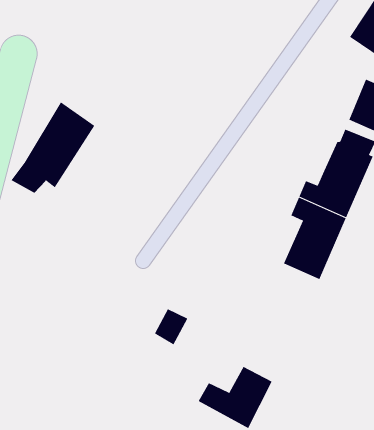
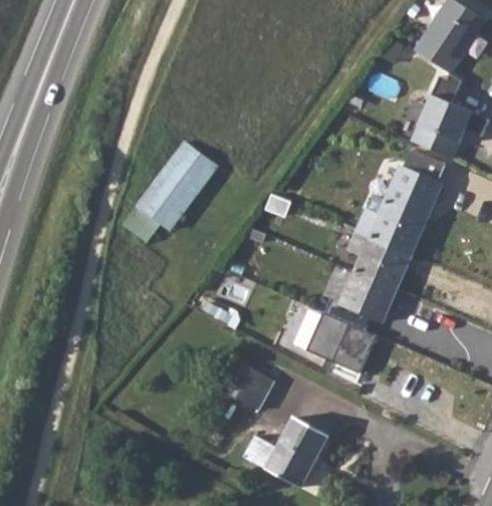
building: [10,102,95,194] -> [120,139,216,242]
building: none -> [305,312,376,370]
building: [154,309,188,345] -> [236,368,274,410]

